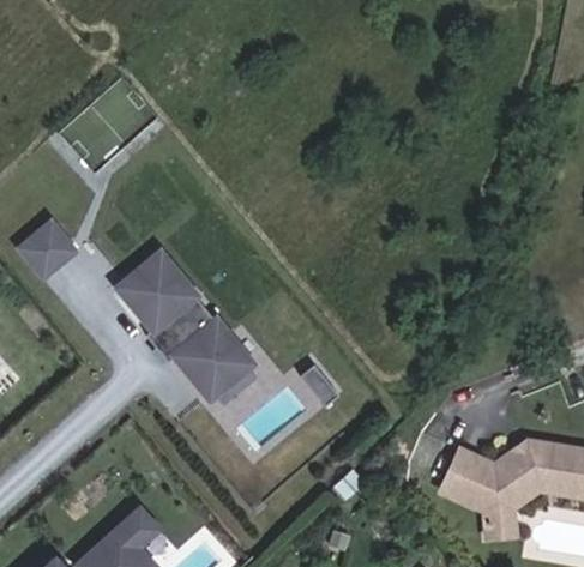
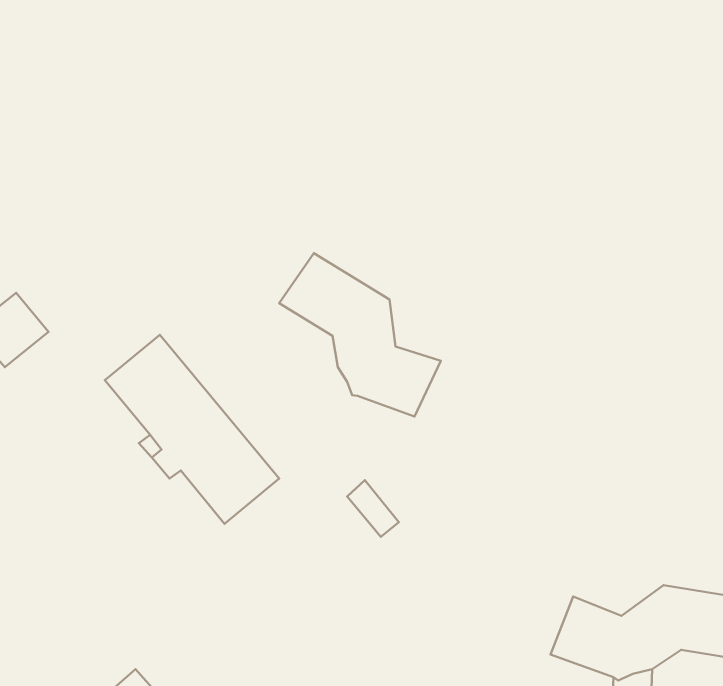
building: none -> [279,253,441,416]

